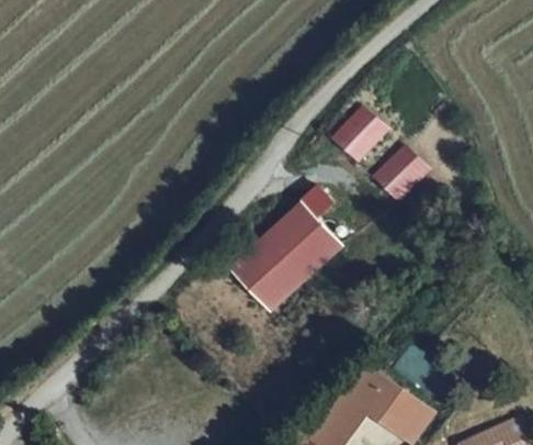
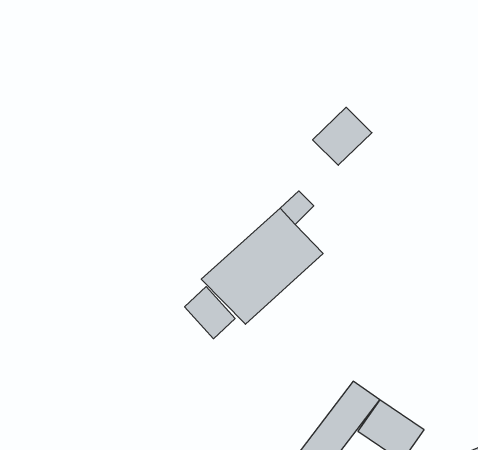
building: [376,147,430,200] -> none
building: none -> [185,287,235,339]

